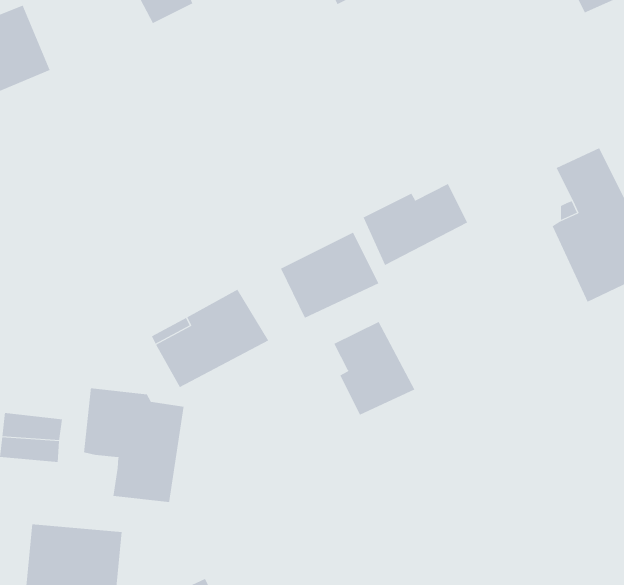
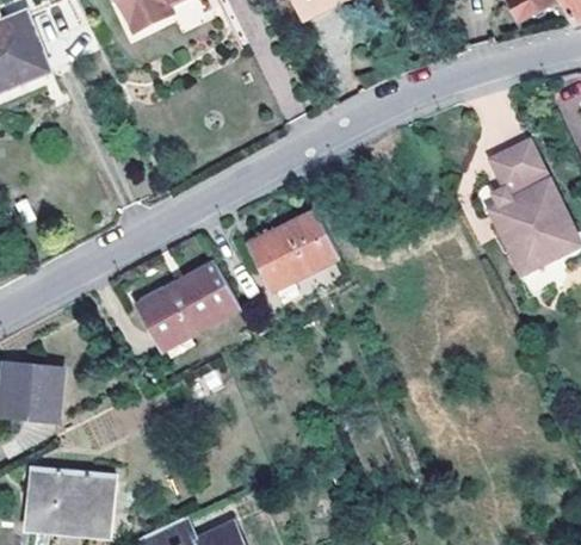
building: [363,183,468,266] -> none
building: [333,321,415,415] -> none
building: [84,388,184,503] -> none

